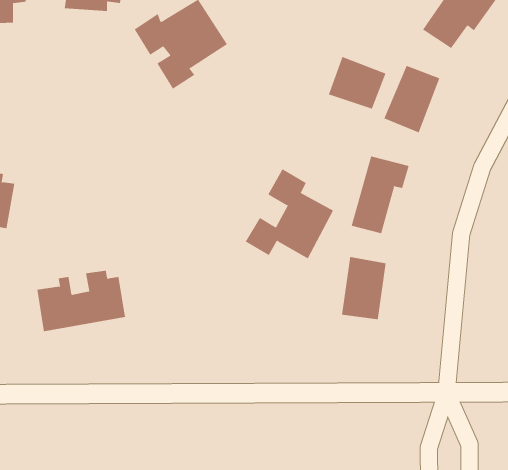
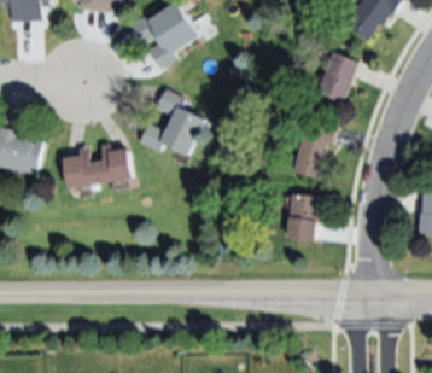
building: [328,56,386,109] -> none
building: [245,168,334,259] -> [138,88,204,156]
building: [37,270,126,332] -> [63,144,129,190]

